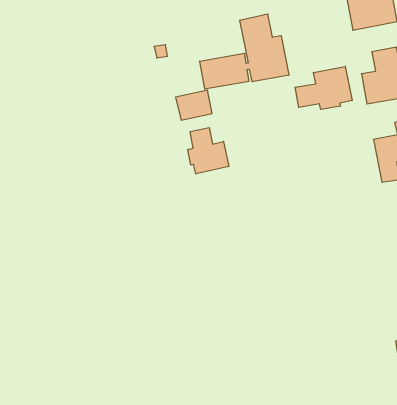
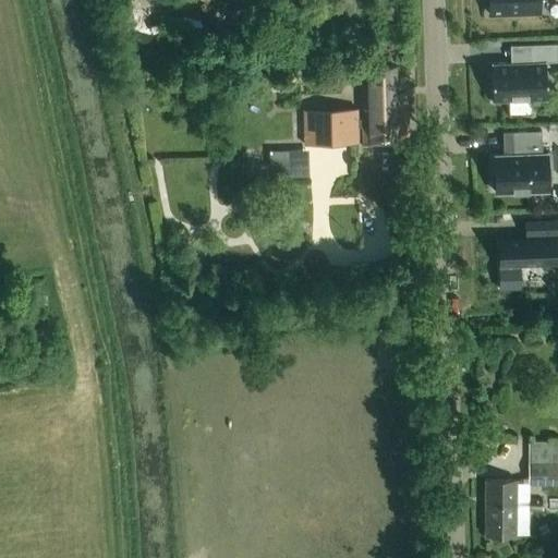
building: [295,66,352,109] -> none
building: [188,128,229,174] -> none

